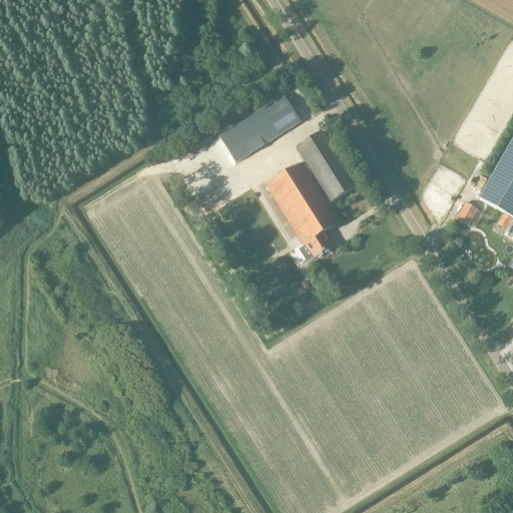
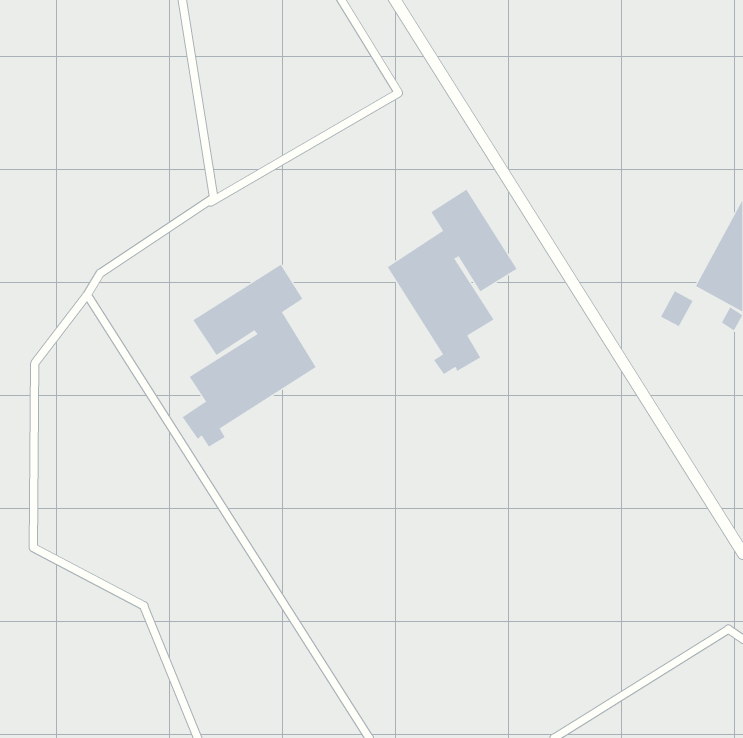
building: [218,94,301,161] -> none
building: none -> [182,264,316,447]

